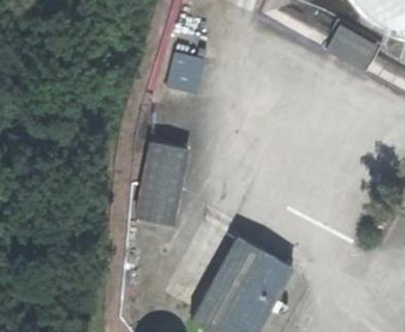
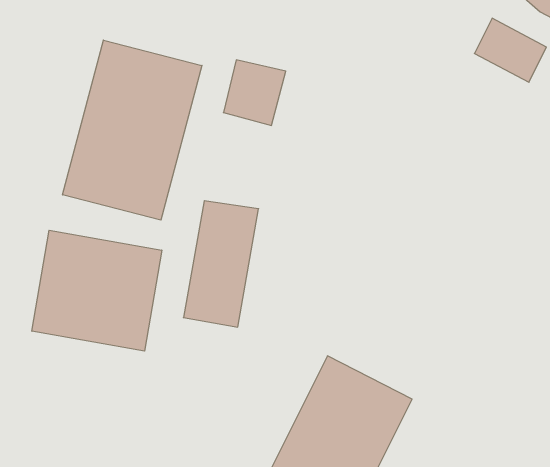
building: none -> [63,40,202,220]
building: none -> [32,230,162,351]

